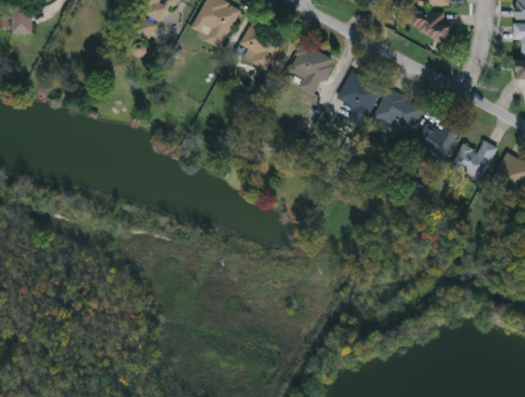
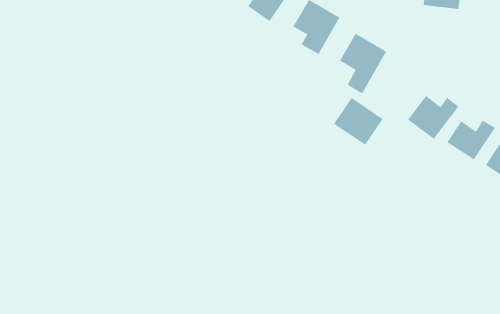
building: [374,88,422,133] -> [333,97,383,146]

